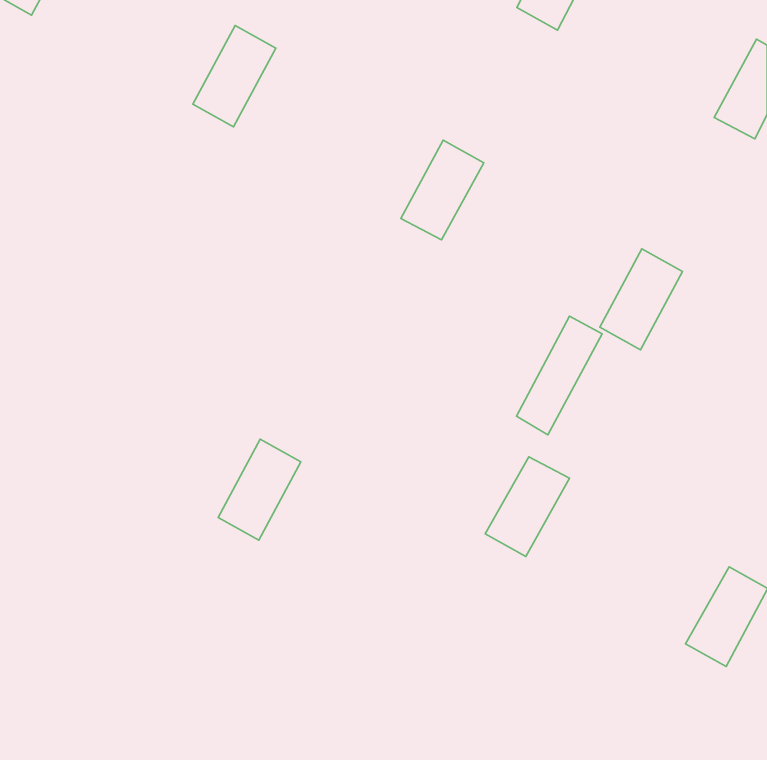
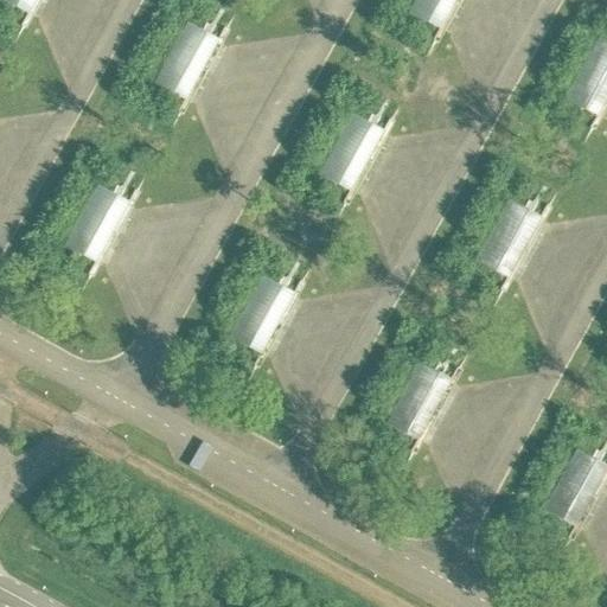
building: none -> [63,183,128,262]
building: [517,316,602,435] -> none
building: [218,439,301,540] -> [226,273,292,352]

